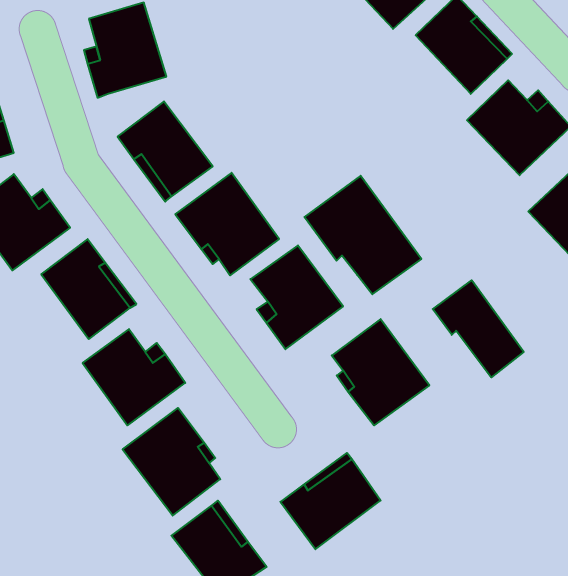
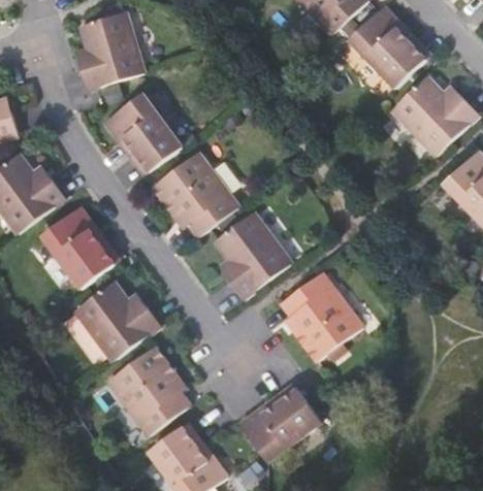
building: [304,176,421,294] -> none
building: [433,280,524,377] -> none

